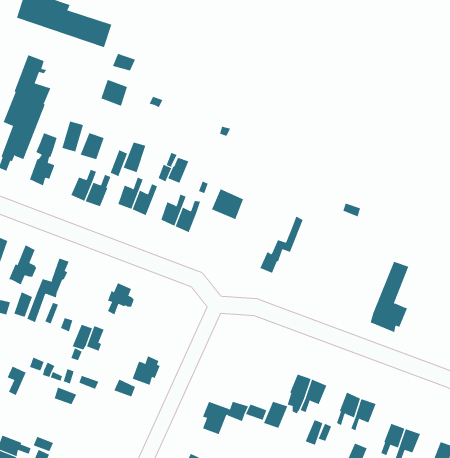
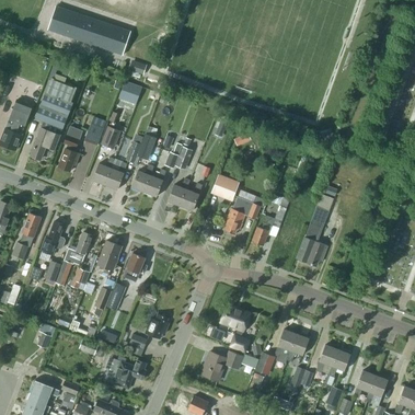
building: none -> [224,195,263,233]
building: [370,261,409,333] -> [297,206,330,266]
building: none -> [97,240,122,275]
building: none -> [221,304,250,351]
building: none -> [105,358,147,389]

